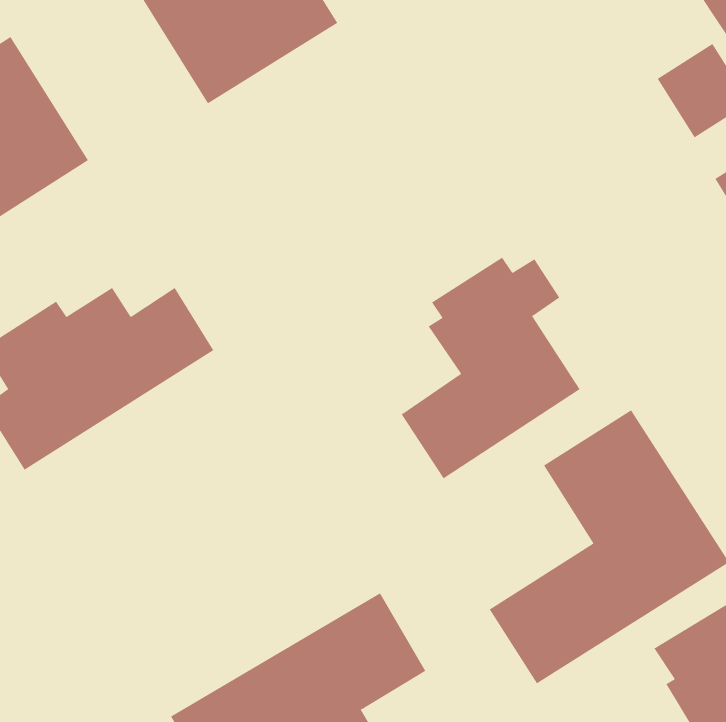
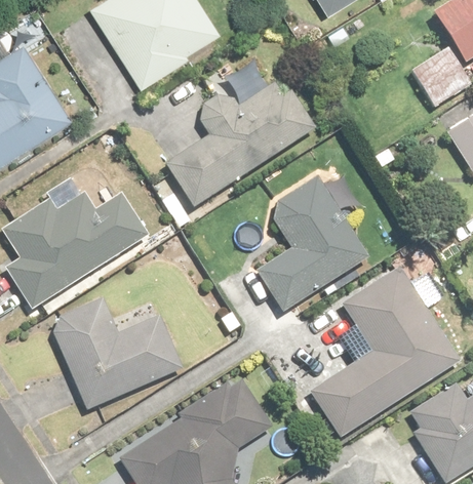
building: none -> [166,71,312,205]
building: none -> [50,298,183,408]

